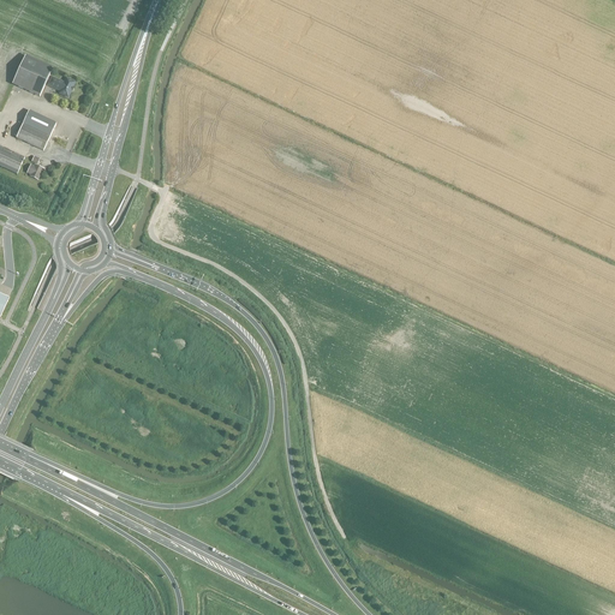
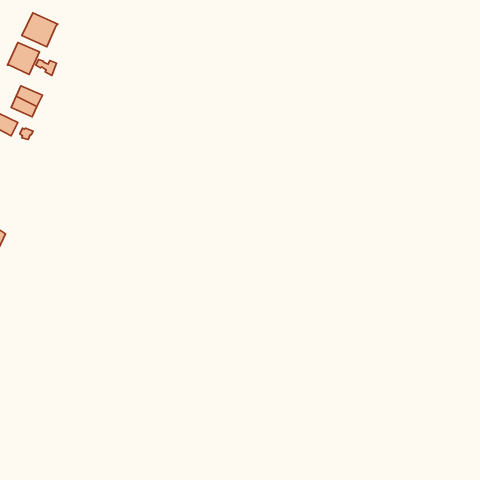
building: none -> [22,13,58,47]

